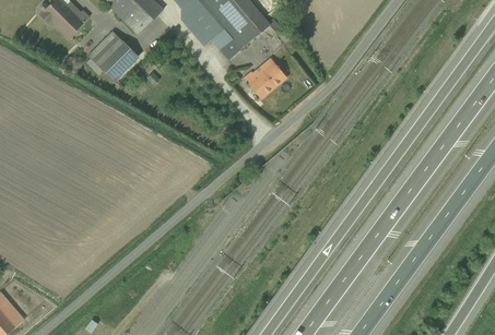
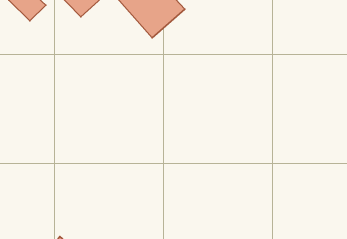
building: [87,32,138,83] -> none
building: [244,57,286,98] -> none

